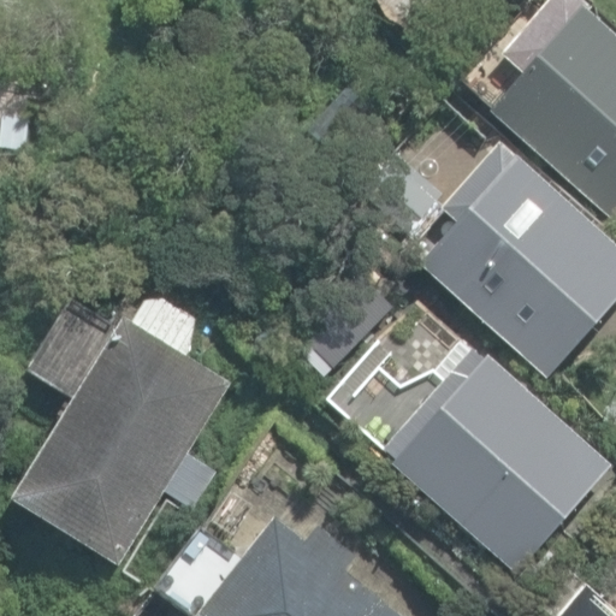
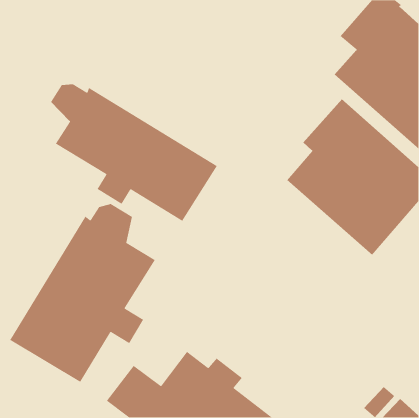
building: none -> [50,83,218,222]
building: [385,349,609,571] -> none

